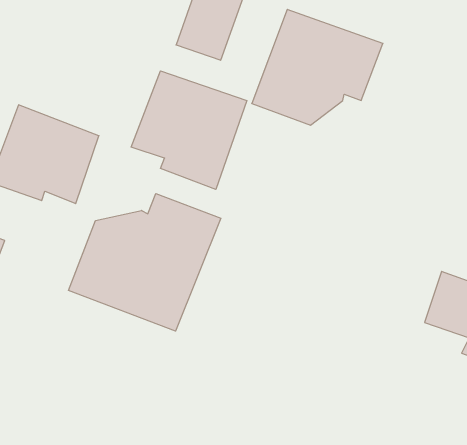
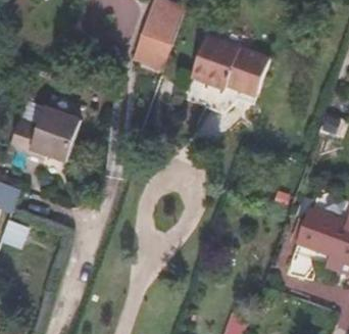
building: [131,71,247,189] -> none
building: [68,194,221,331] -> none

